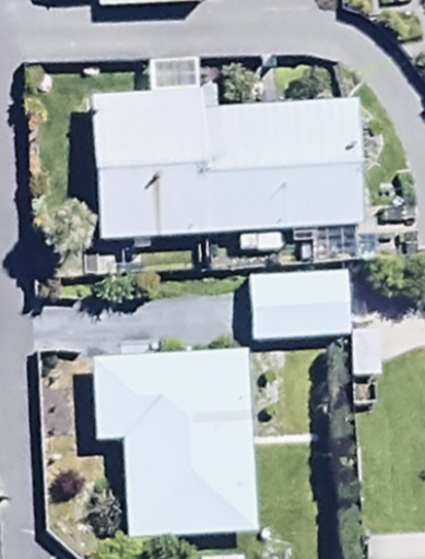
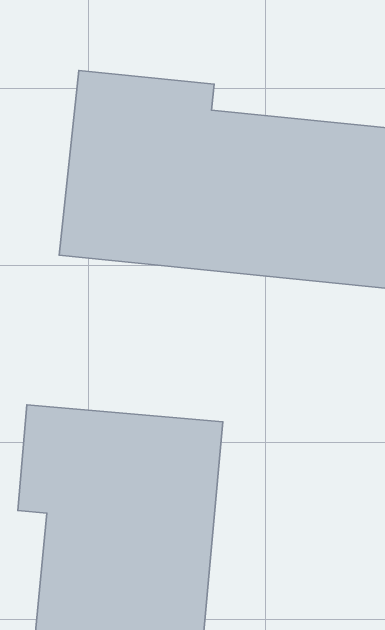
building: [250,269,351,338] -> none

